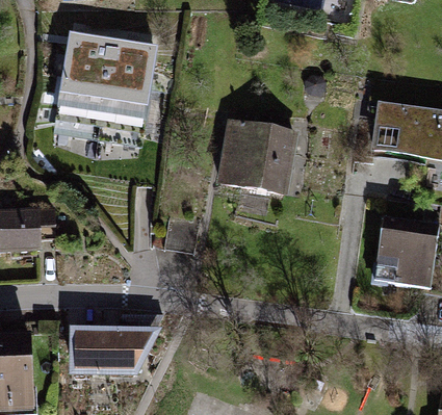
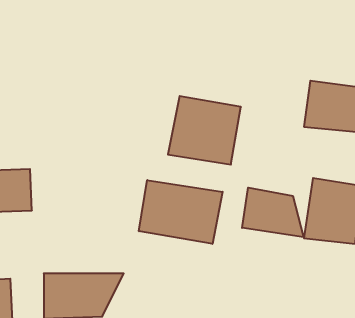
building: [54,31,158,156] -> none
building: none -> [139,180,223,244]
building: none -> [242,188,304,237]

